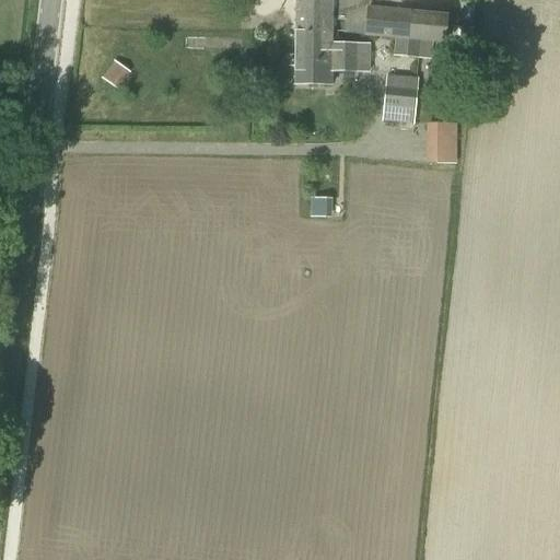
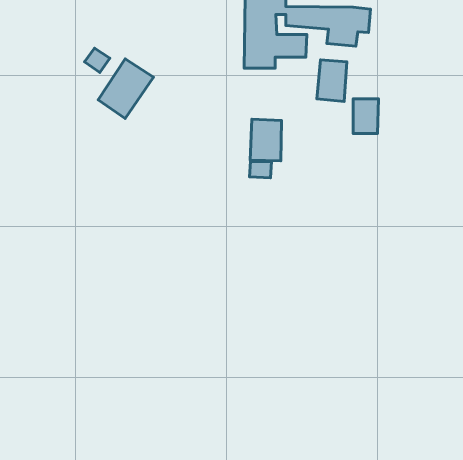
building: none -> [98,59,154,118]
building: none -> [250,119,281,161]

